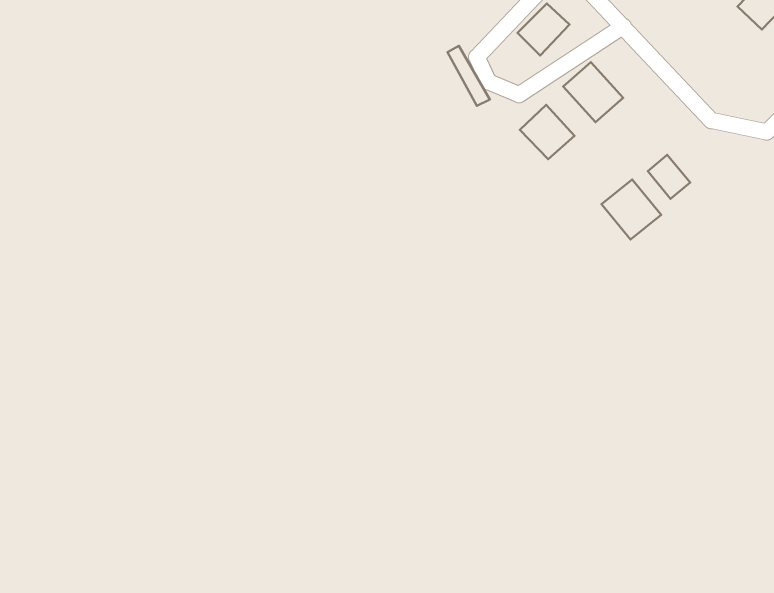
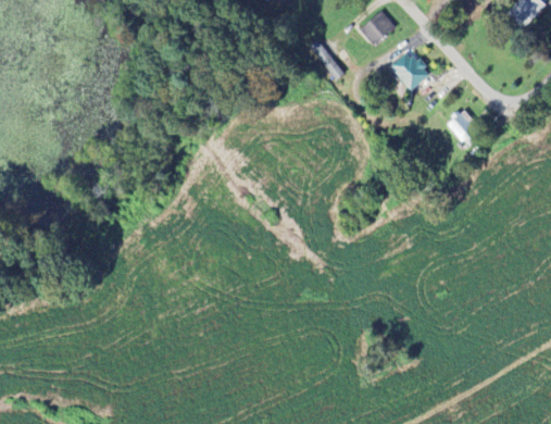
building: [520,105,574,159] -> none
building: [601,179,661,240] -> none

